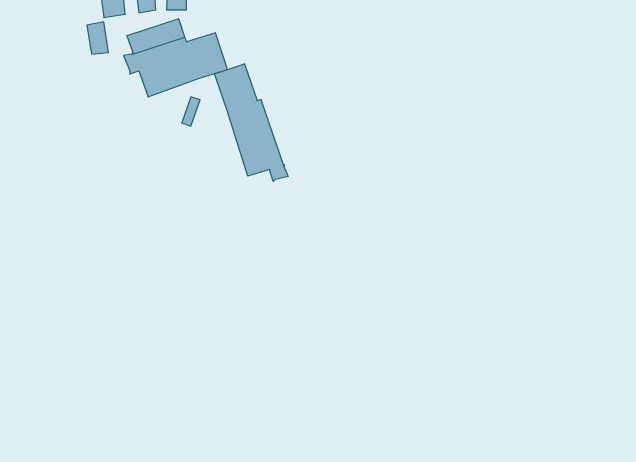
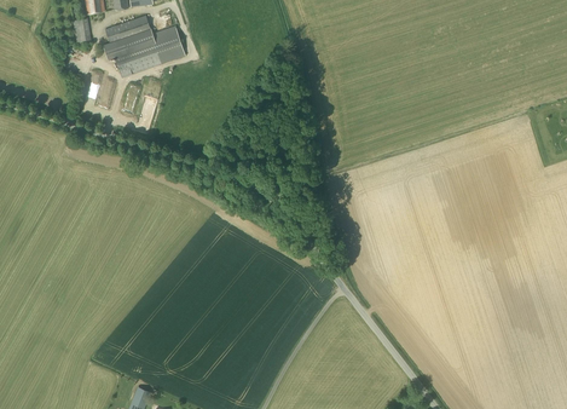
building: [215,64,288,181] -> none

